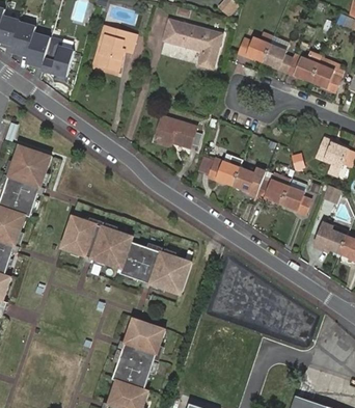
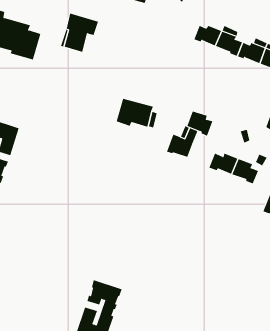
building: [164,21,222,69] -> none
building: [234,168,263,196] -> [187,111,213,136]
building: [60,216,190,293] -> none

